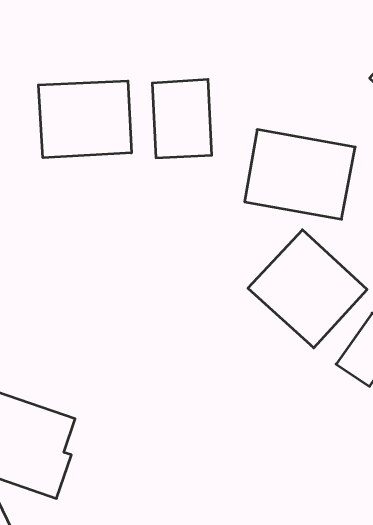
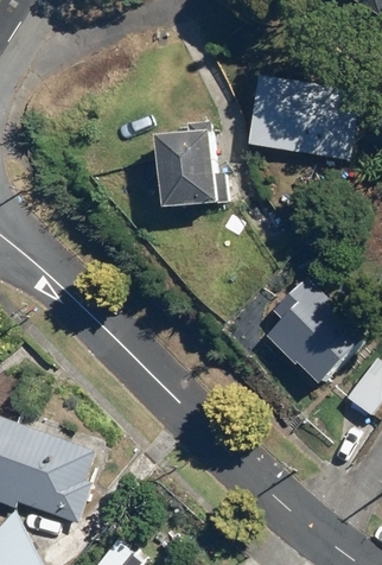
building: [38,81,131,158] -> none
building: [245,130,355,219] -> [249,74,355,159]

